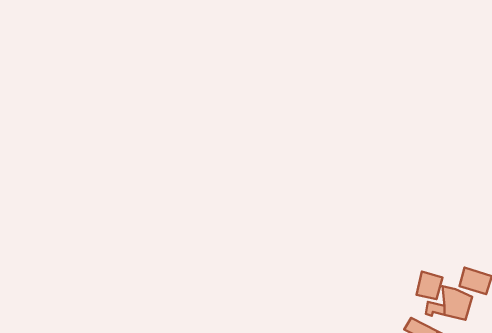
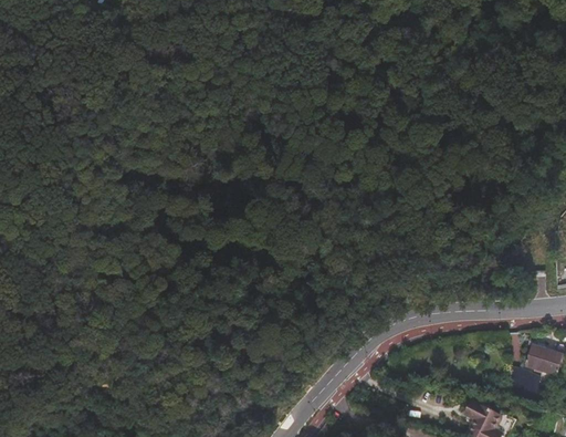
building: [416,272,443,299] -> none

